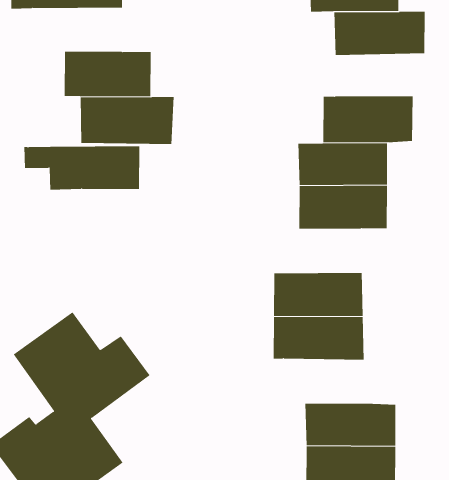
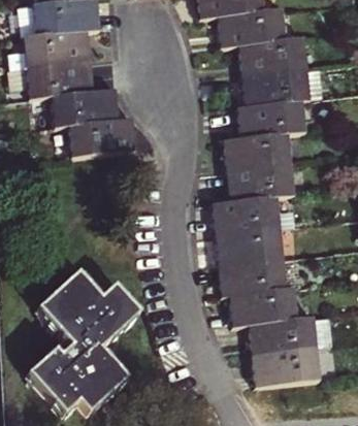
building: none -> [243,66,310,103]
building: [24,146,140,190] -> [7,57,93,95]
building: none -> [213,195,280,233]
building: none -> [230,287,297,324]

